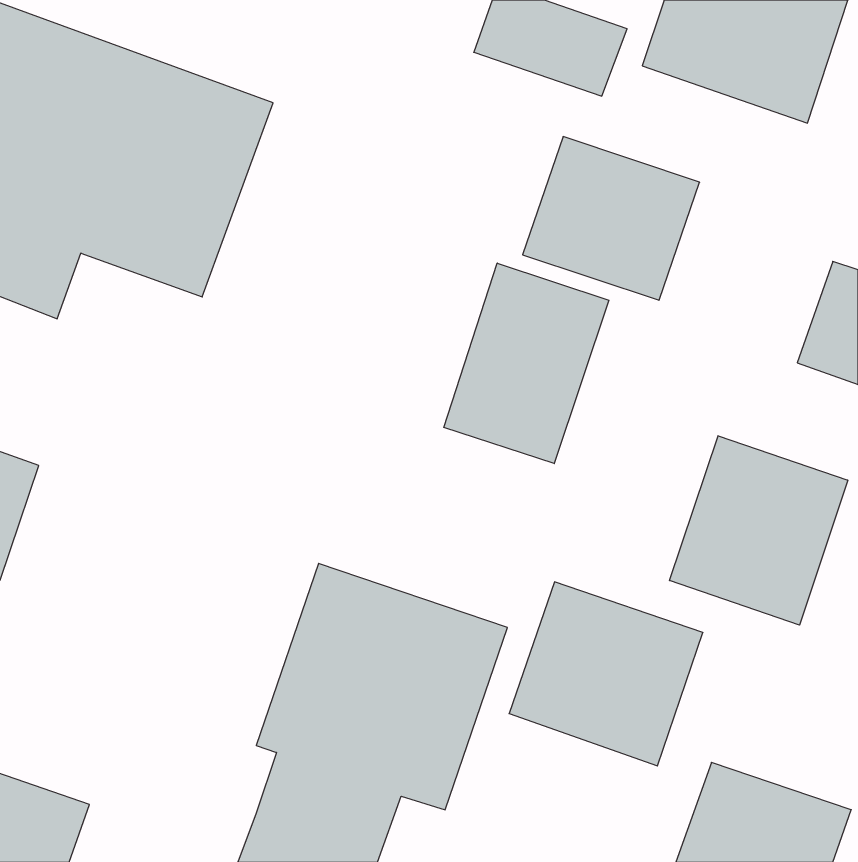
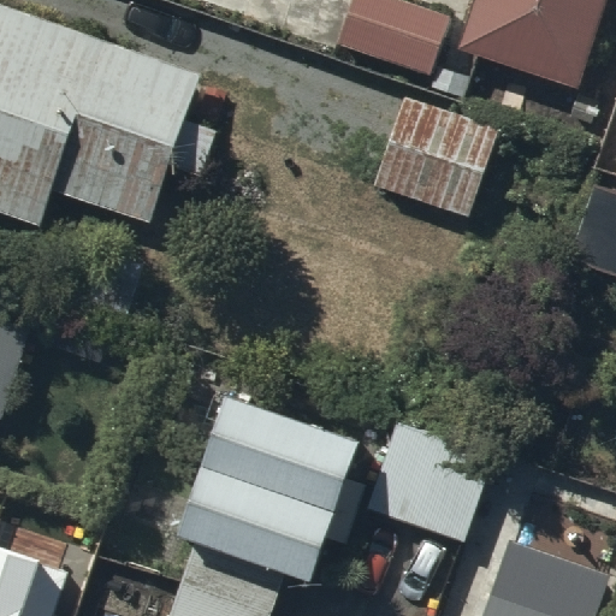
building: [444,263,609,464] -> none
building: [670,436,848,625] -> none

